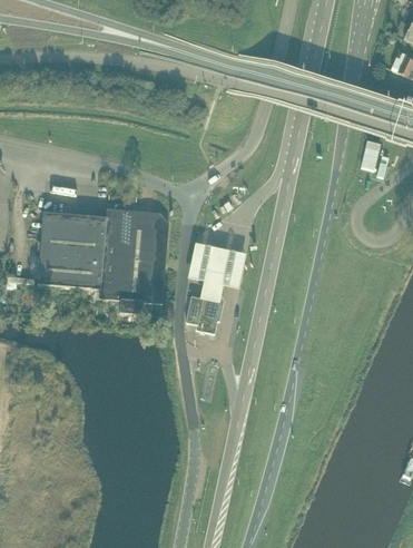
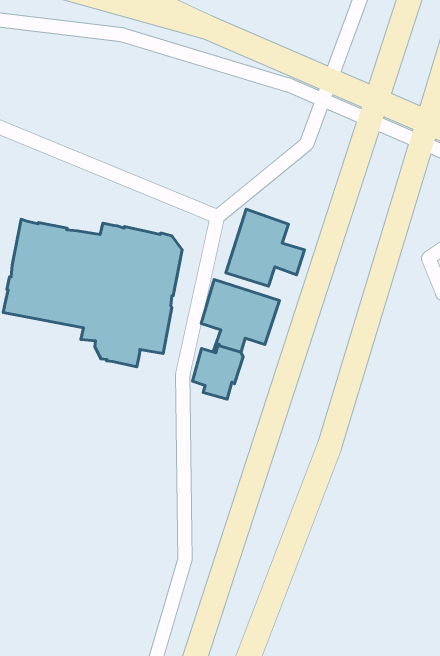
building: none -> [226,209,304,286]

